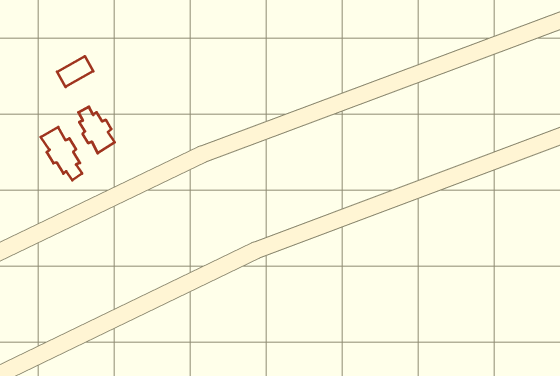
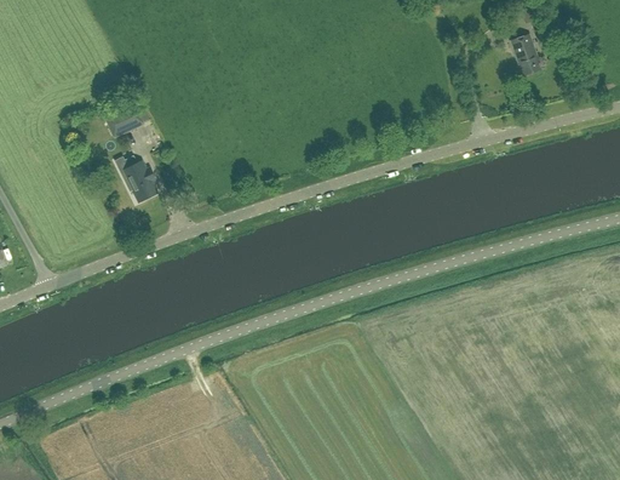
building: [41,127,82,180] -> none

